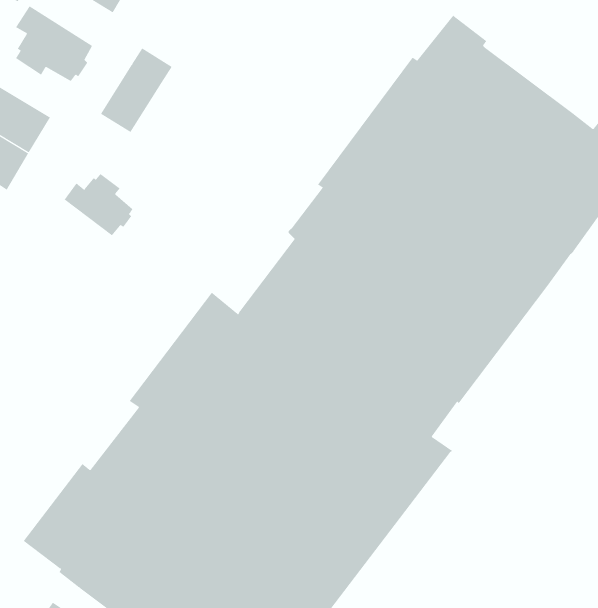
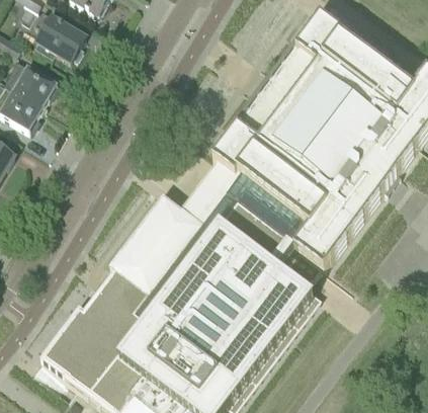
building: [100,48,172,133] -> none
building: [64,173,133,236] -> none

